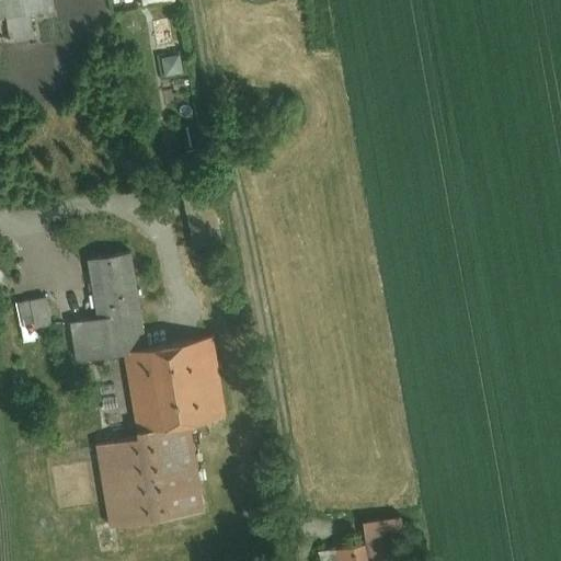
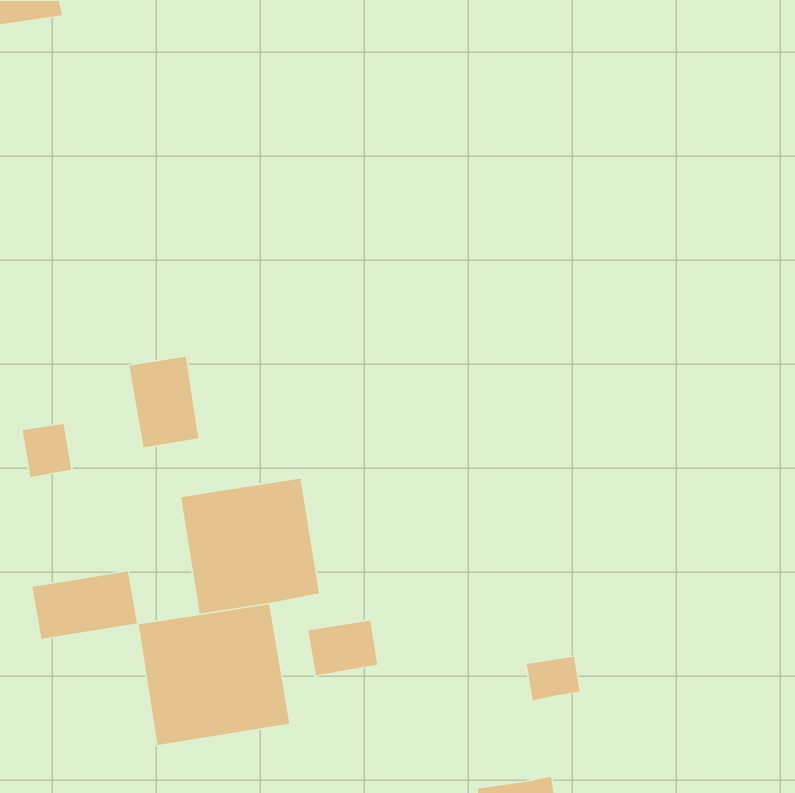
building: [71,312,146,360] -> [31,570,138,639]
building: none -> [307,620,378,676]
building: [366,519,404,551] -> [526,656,581,701]

